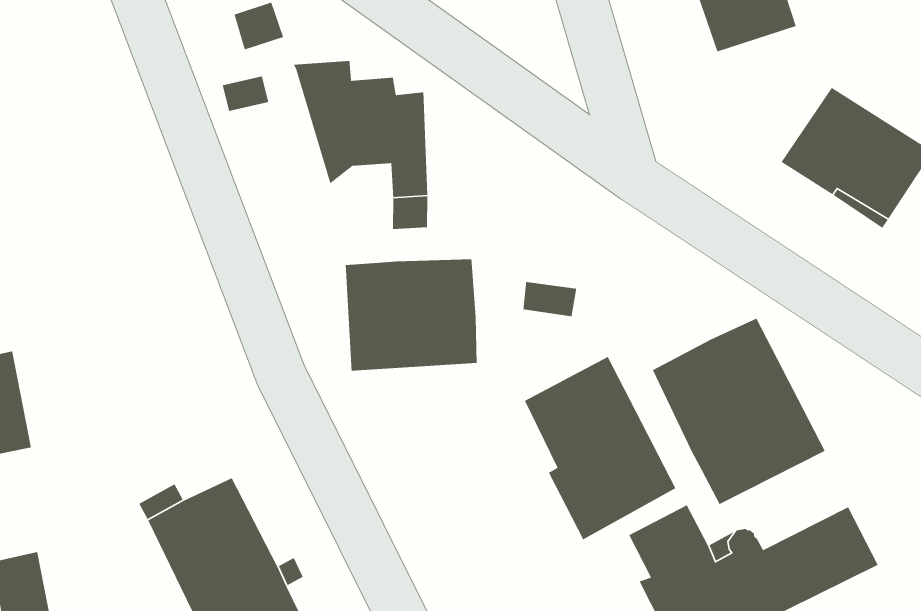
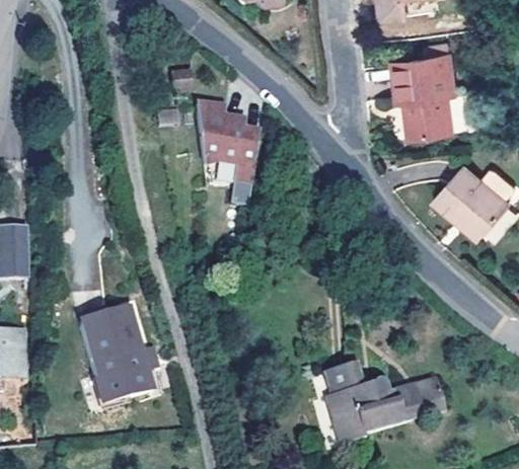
building: [345,259,478,371] -> none
building: [652,317,826,505] -> none
building: [524,356,676,540] -> none

